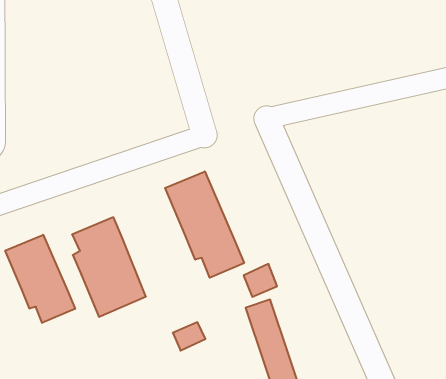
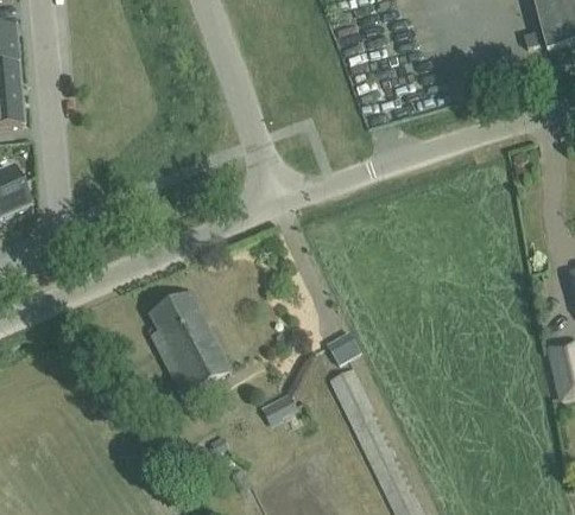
building: [165,171,244,278] -> none
building: [5,235,75,323] -> none

